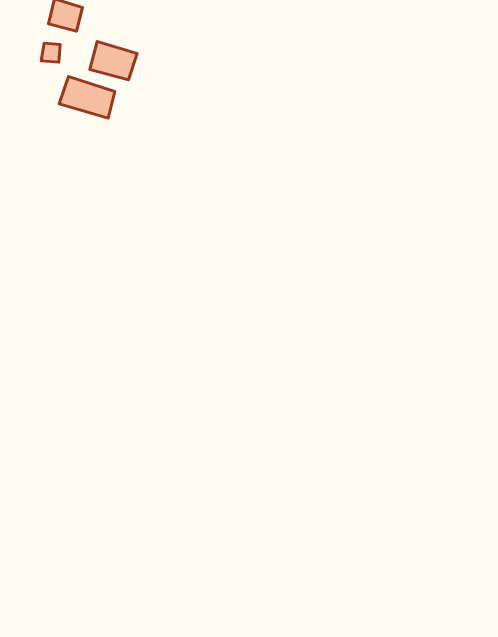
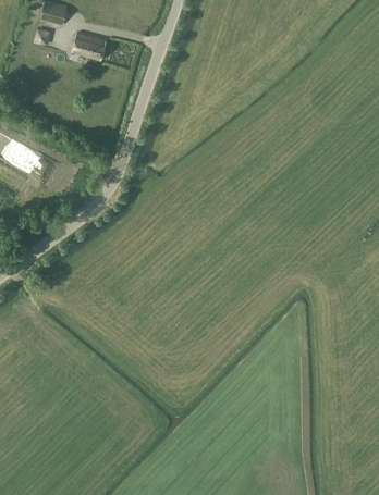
building: [59,77,115,118] -> none

